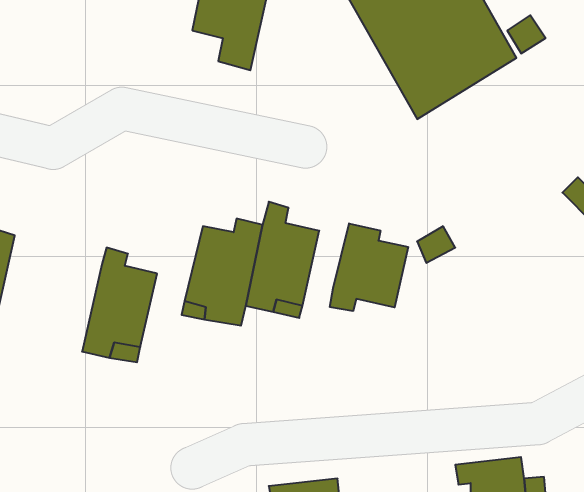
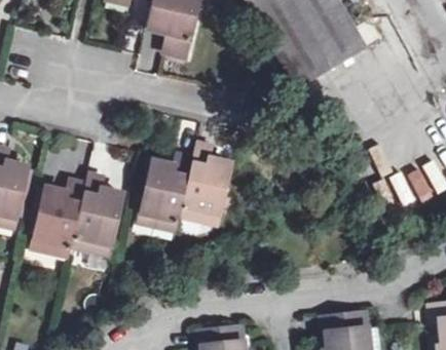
building: [330,223,408,311] -> none
building: none -> [31,184,85,255]

